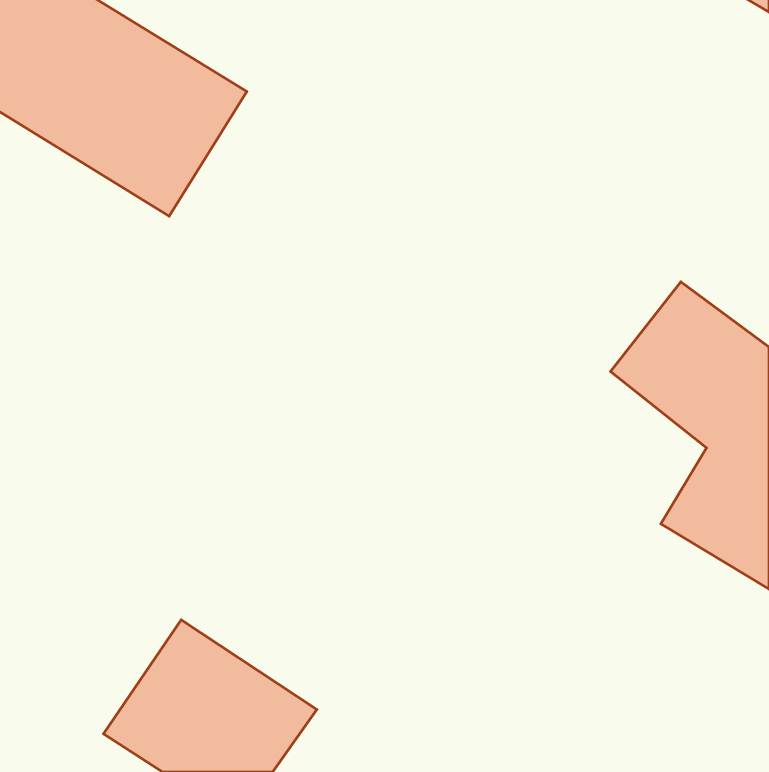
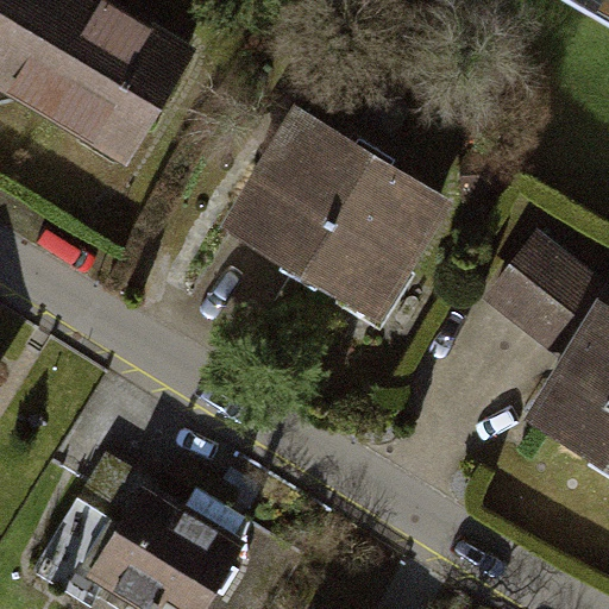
building: none -> [225,115,454,331]

